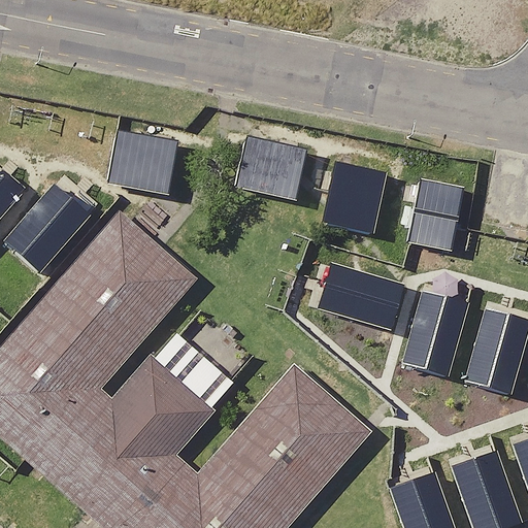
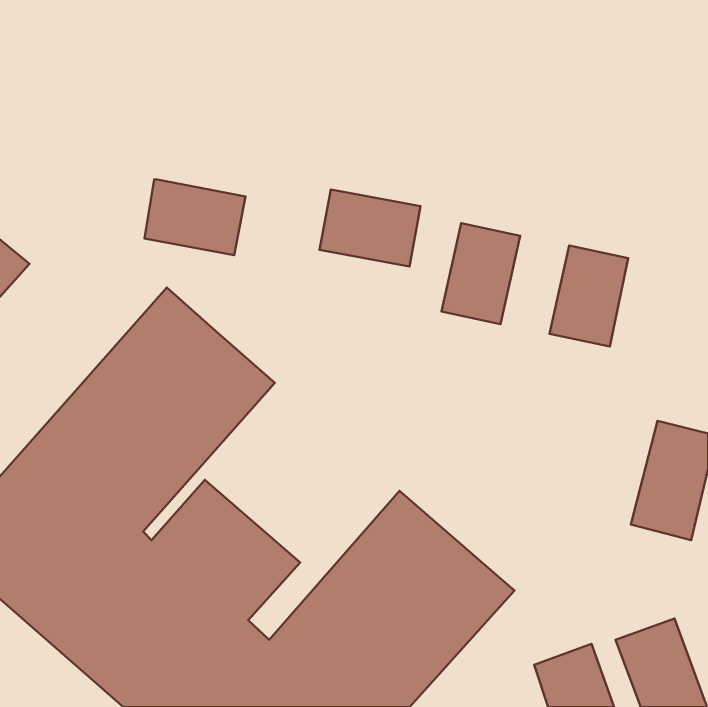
building: [5,188,90,272] -> none
building: [311,263,400,328] -> none
building: [400,293,464,381] -> none

